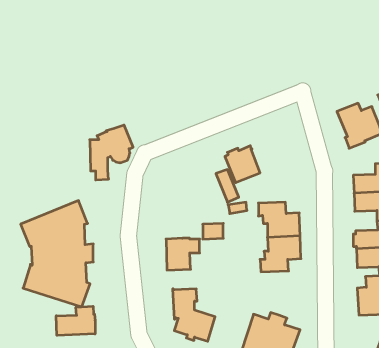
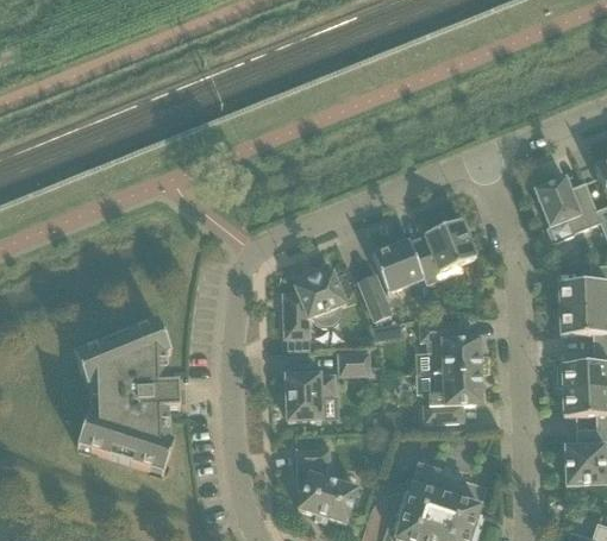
building: [90,125,133,180] -> [283,270,346,350]
building: none -> [409,218,476,283]
building: [56,306,95,335] -> none

